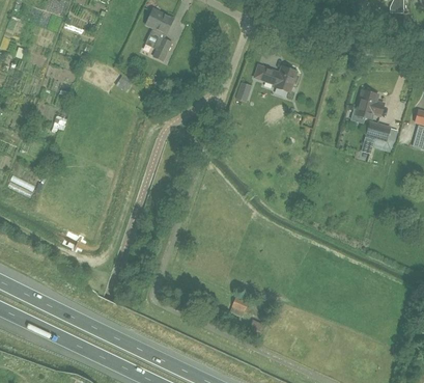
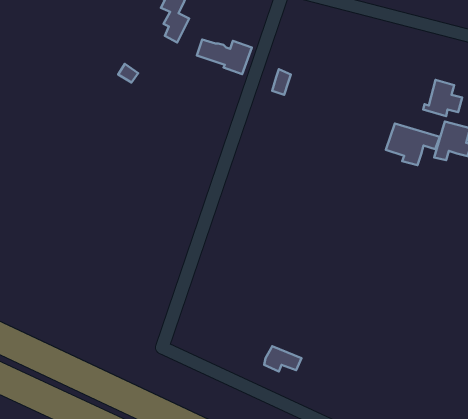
building: [254,64,296,91] -> [197,39,252,74]
building: none -> [386,123,440,165]

